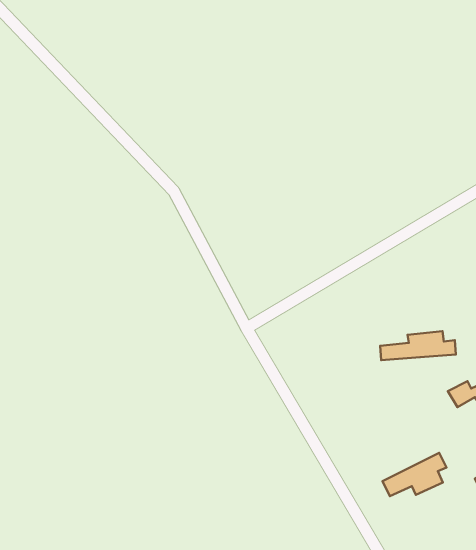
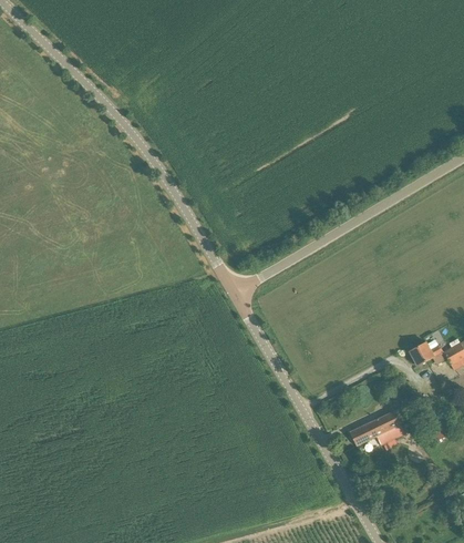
building: [380,331,456,360] -> none

